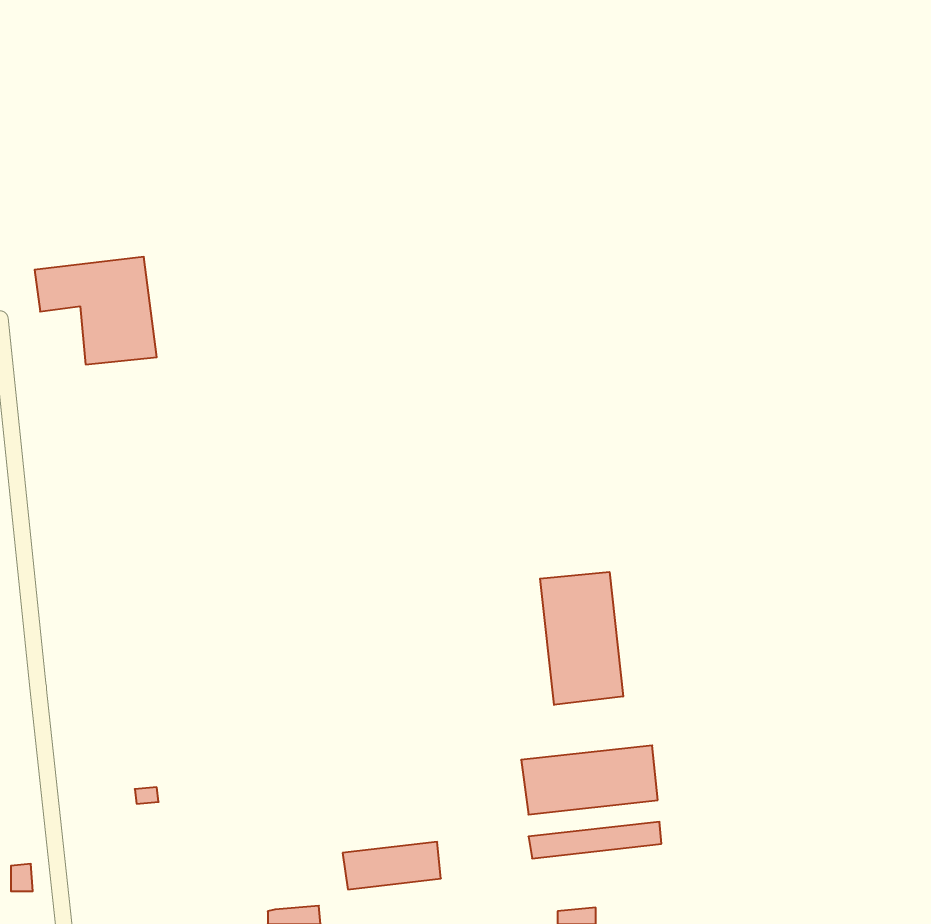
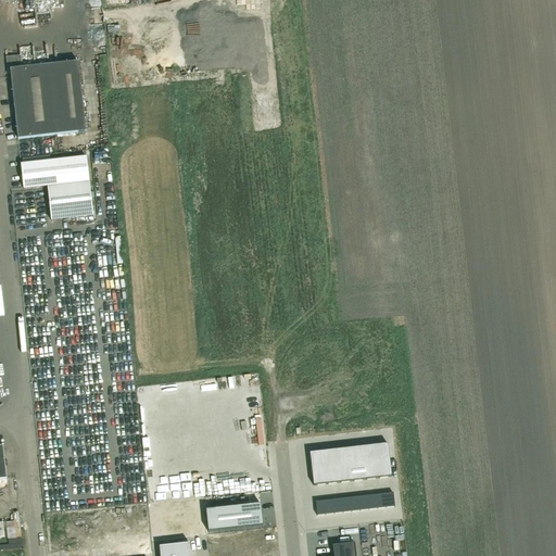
building: none -> [10,59,86,136]
building: [540,572,623,705] -> none

